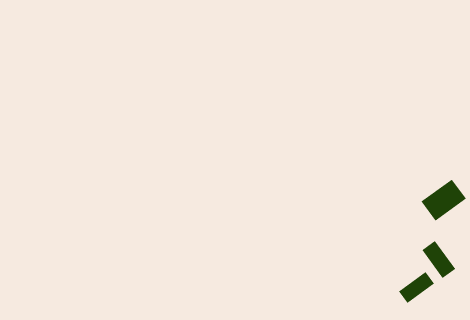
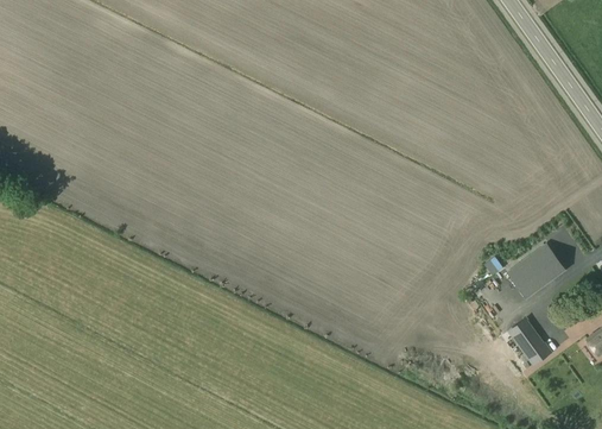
building: [398,271,435,304] -> none

